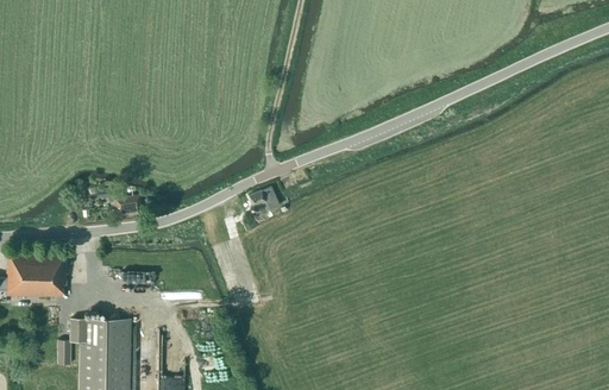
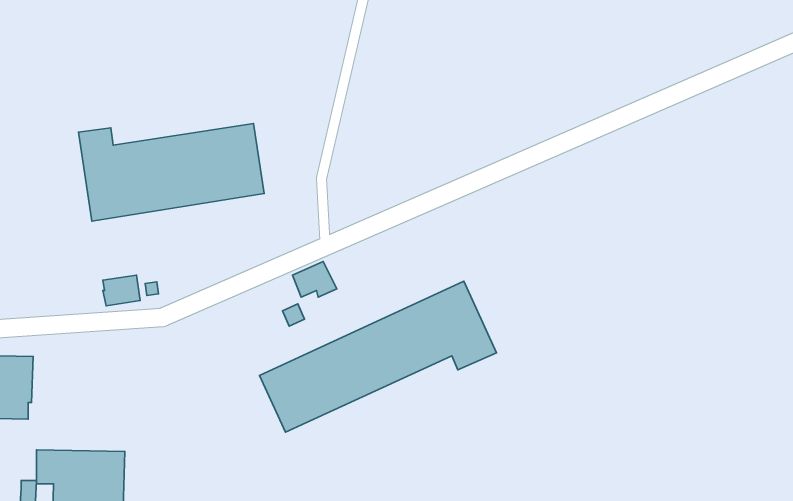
building: none -> [79,124,264,221]
building: none -> [259,281,496,432]

